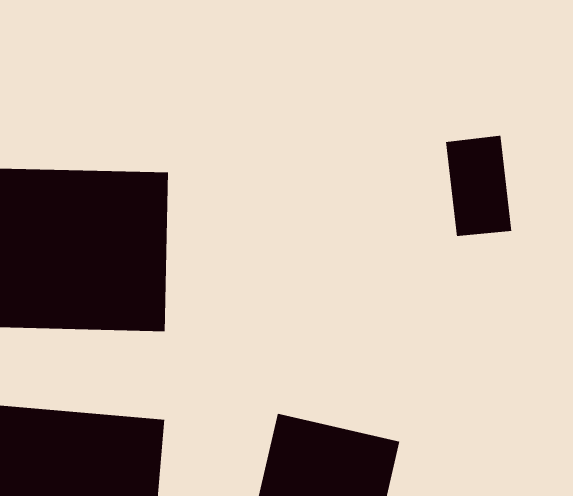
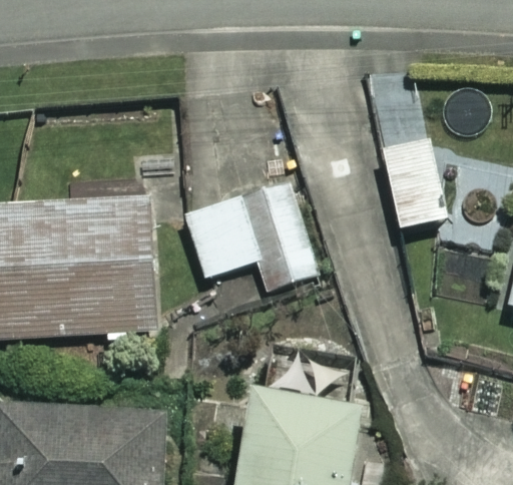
building: none -> [184,183,318,291]

